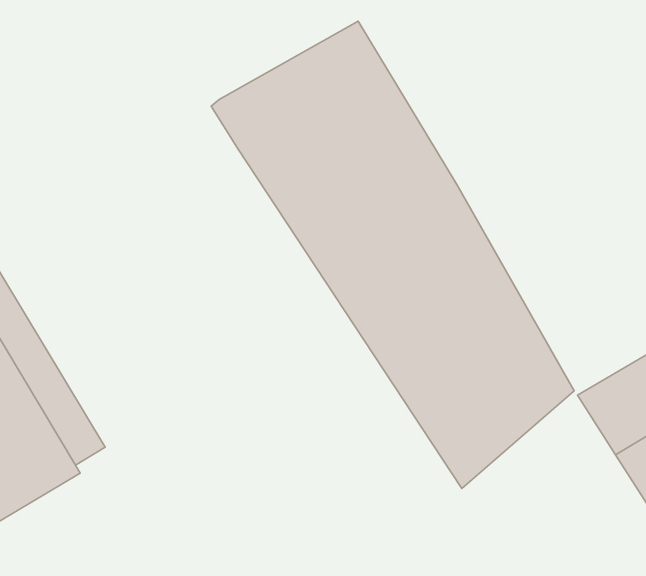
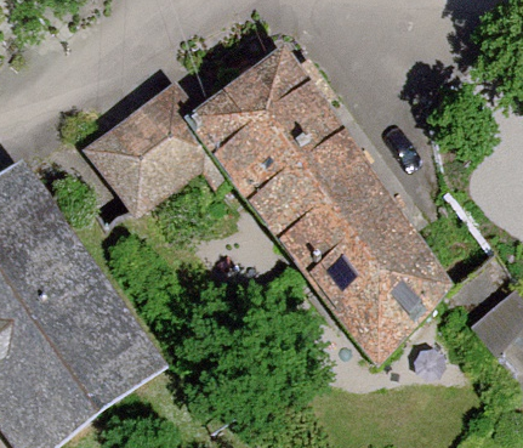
building: none -> [91,90,215,210]

